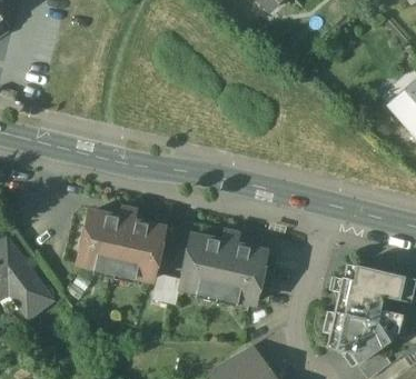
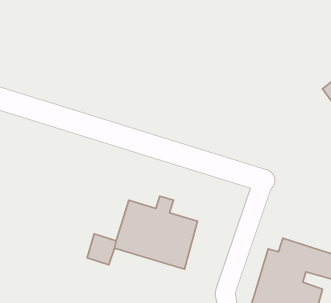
building: [80,206,166,280] -> none

